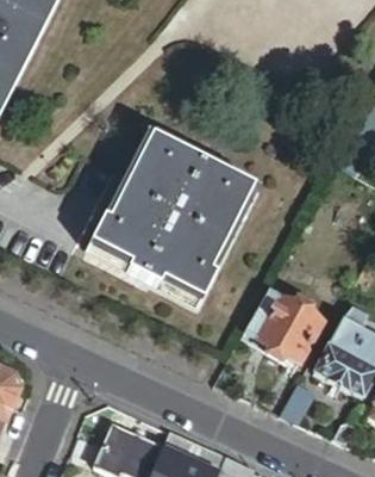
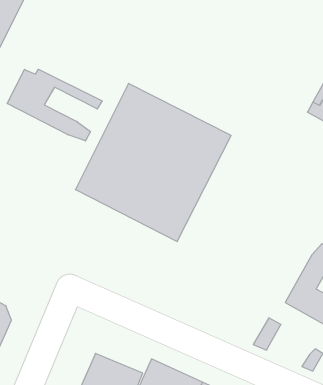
building: none -> [7,69,102,141]
building: [243,291,321,363] -> none

